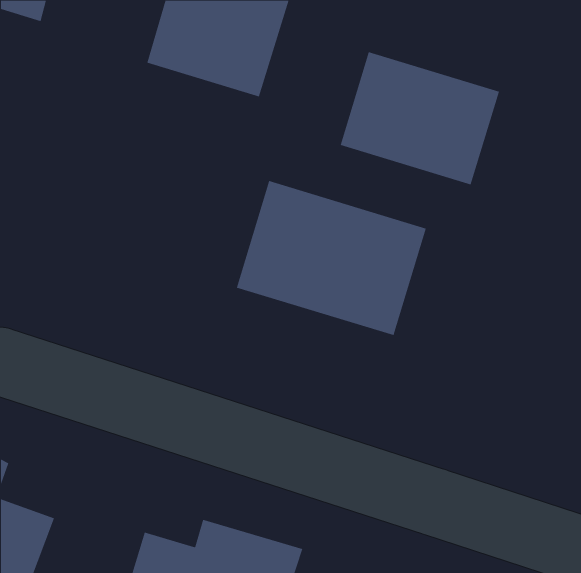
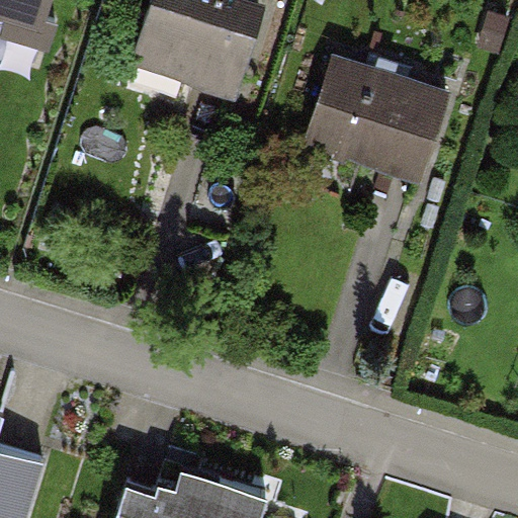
building: [236,180,427,336] -> none

